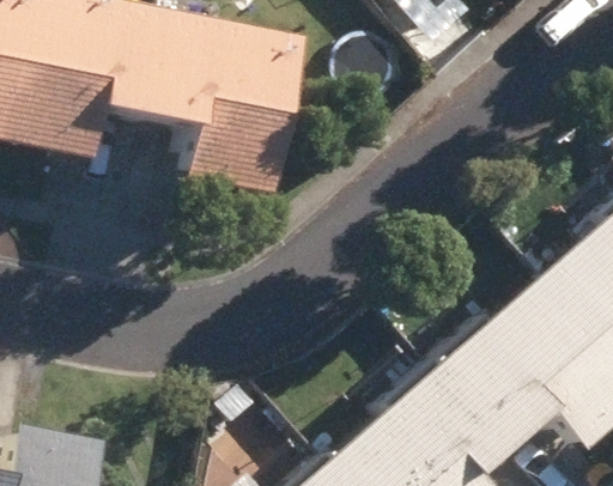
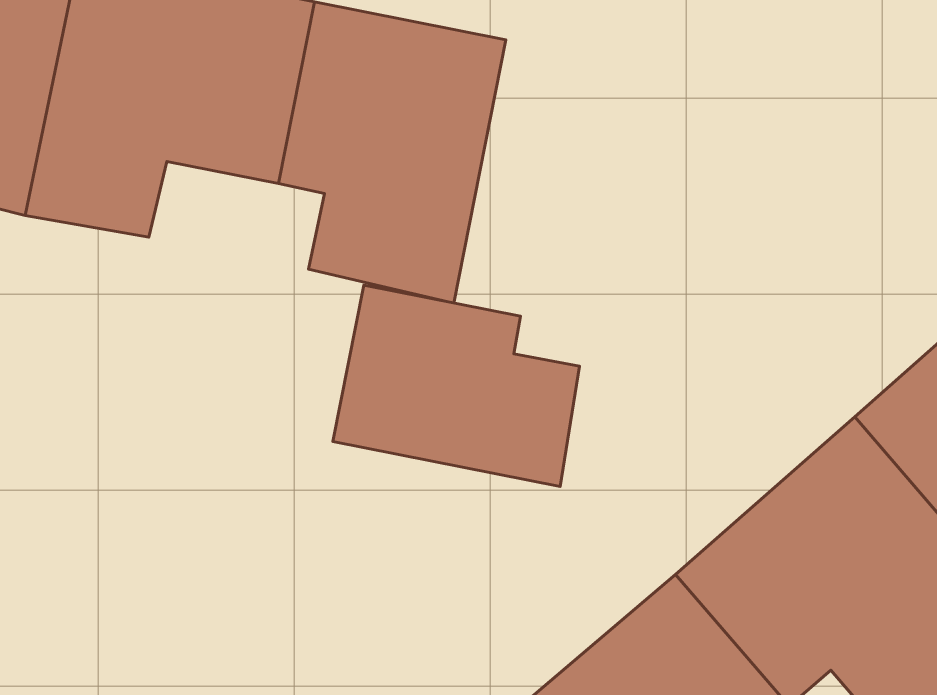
building: none -> [333,285,580,487]

